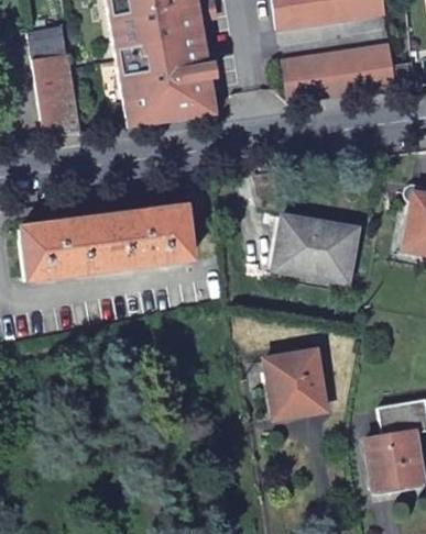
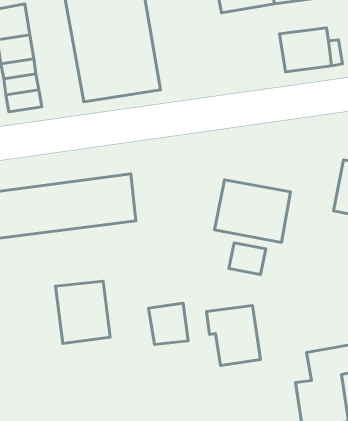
building: [286,53,352,103] -> none
building: none -> [229,243,266,275]
building: none -> [56,281,110,343]
building: none -> [148,303,188,345]

